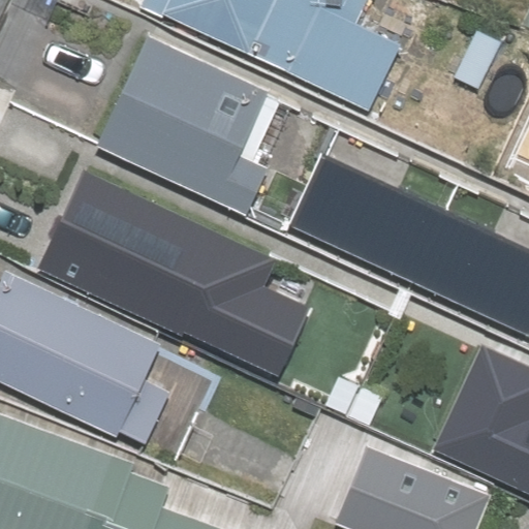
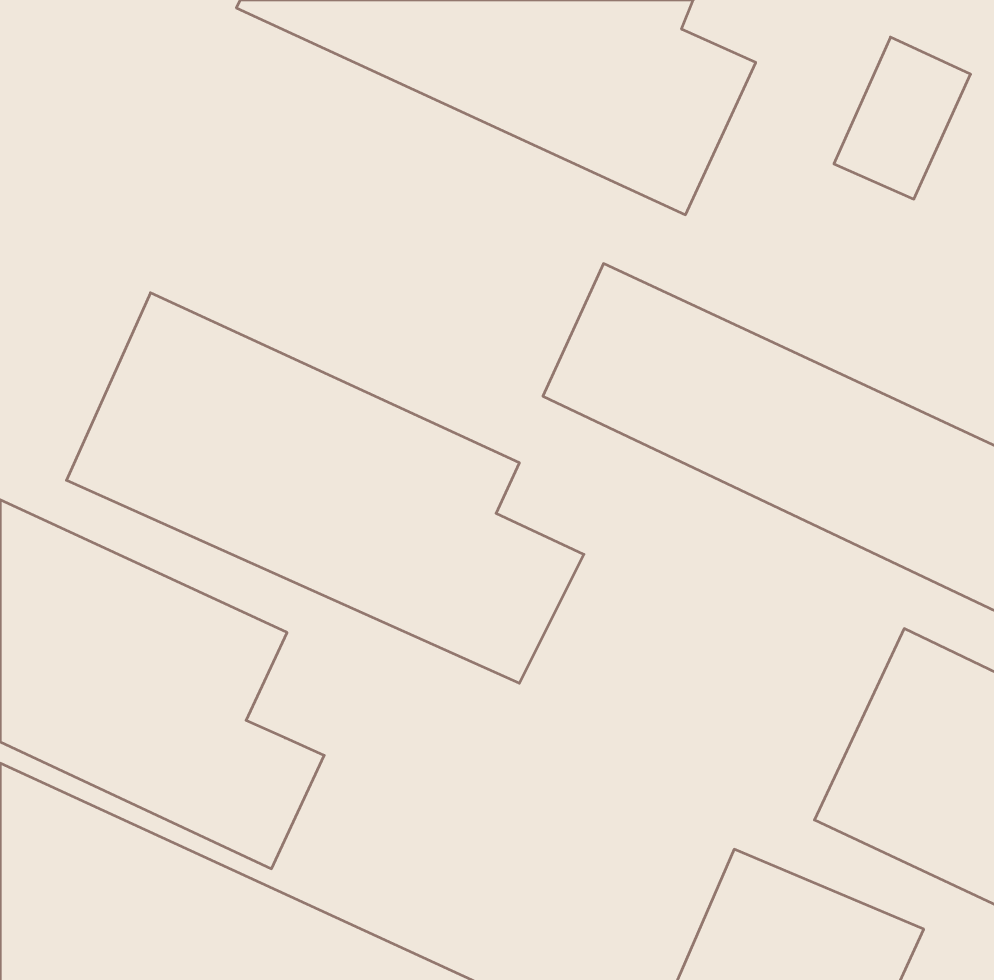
building: [96,31,290,212] -> none

